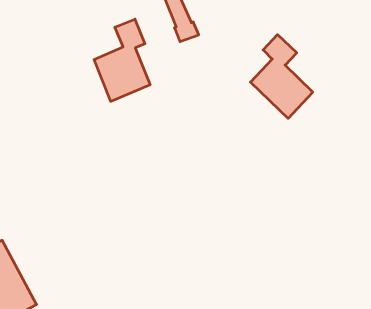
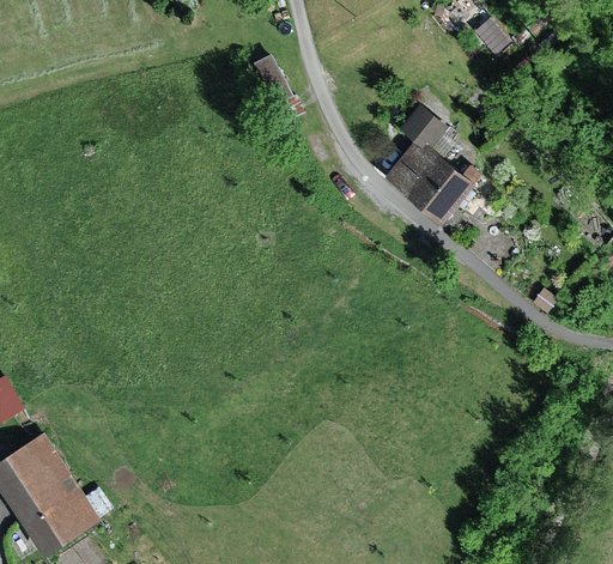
building: [94,19,150,101] -> none

